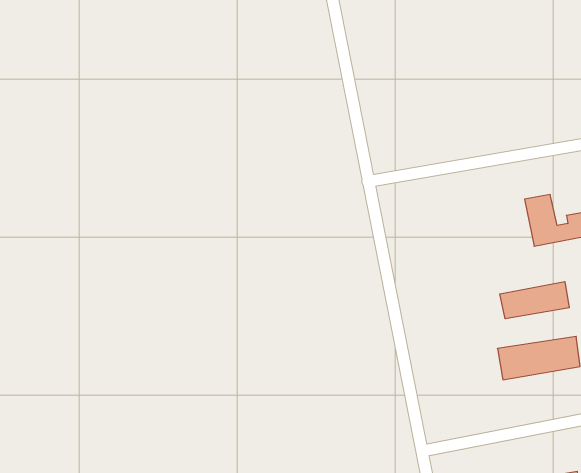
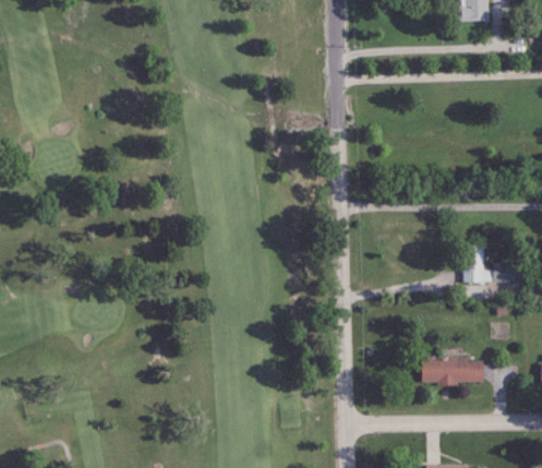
building: [500,282,569,319] -> none

